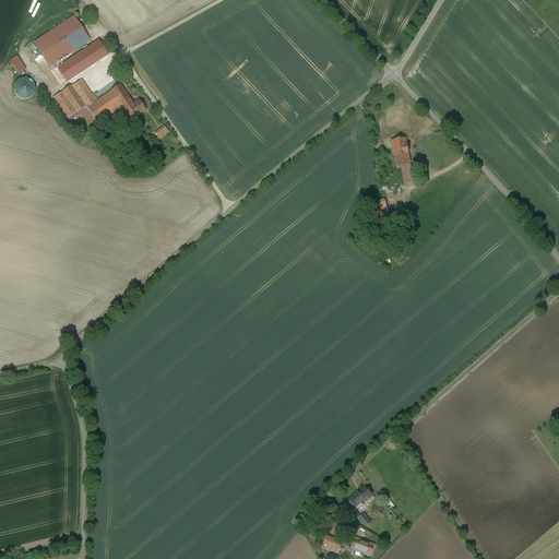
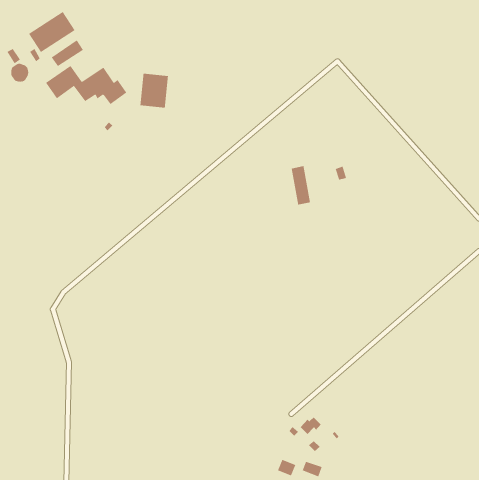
building: none -> [140,73,169,109]
building: [391,136,414,182] -> [291,166,311,205]

